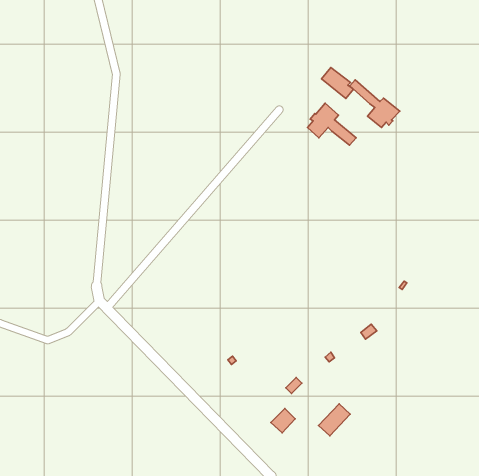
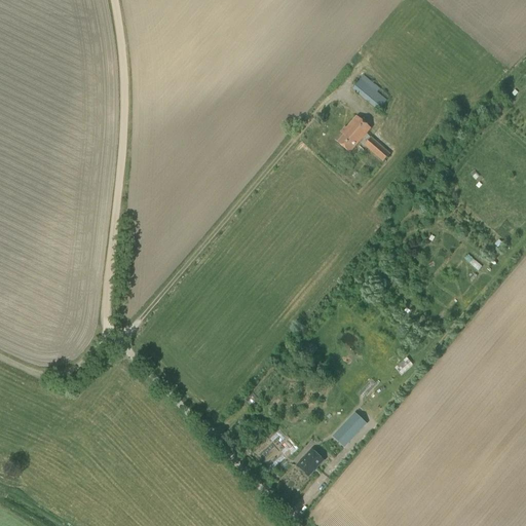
building: [350,80,400,127] -> none
building: [318,404,350,436] -> [332,410,367,445]

